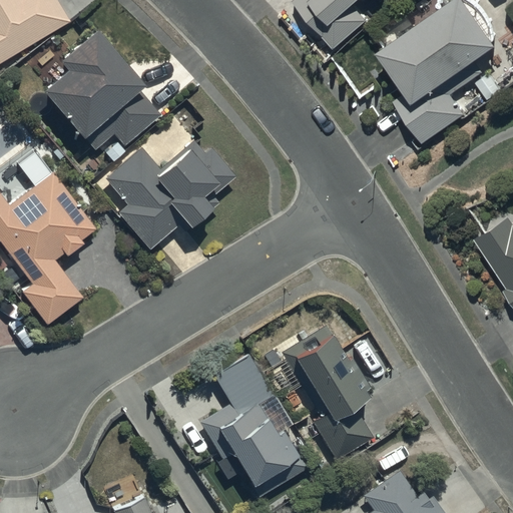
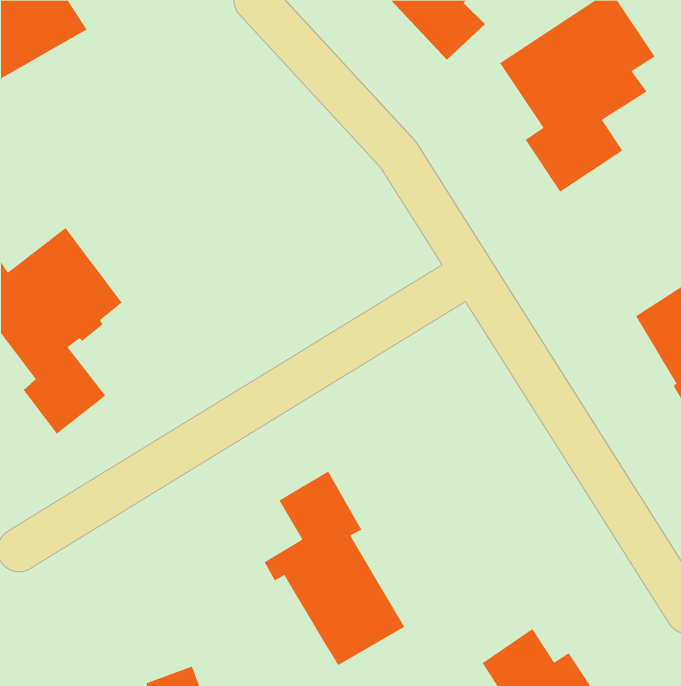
building: [39,30,158,151] -> none
building: [105,142,234,249] -> none
building: [285,322,377,460] -> none

